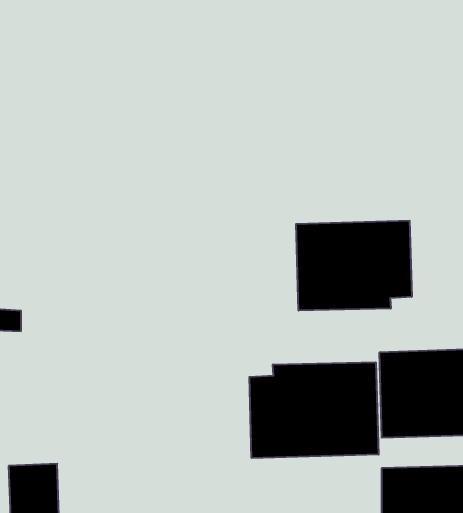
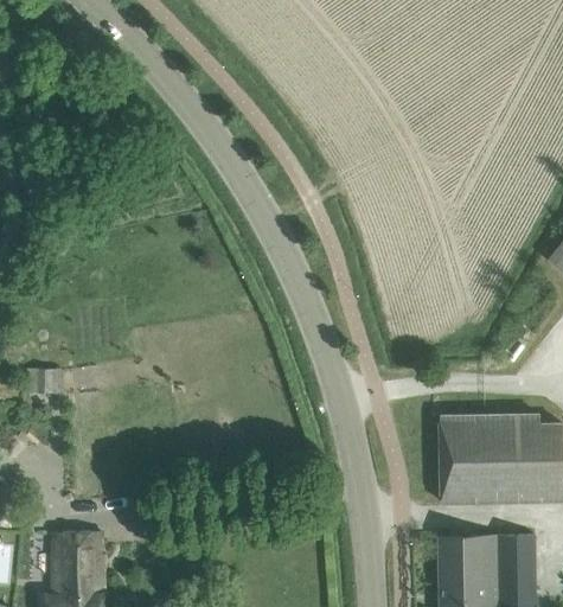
building: [296,221,412,311] -> none
building: [249,362,379,458] -> none

